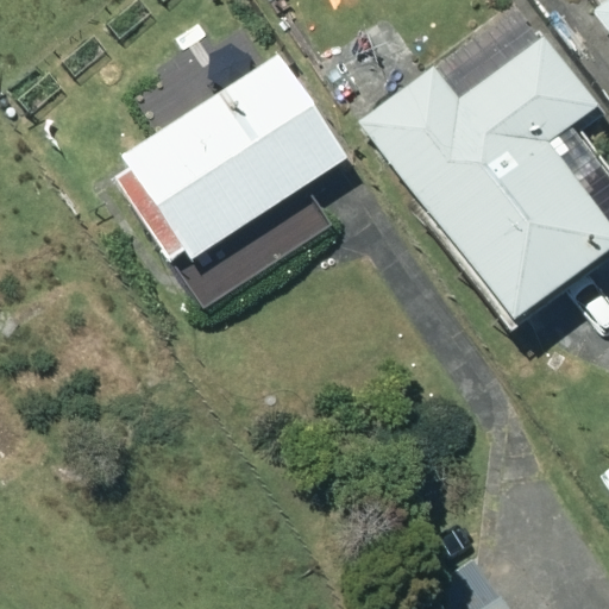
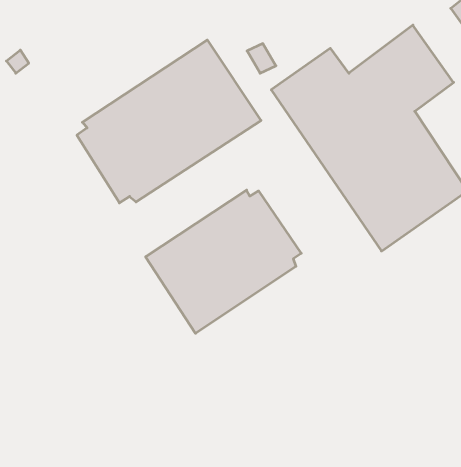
building: none -> [146,190,301,333]

